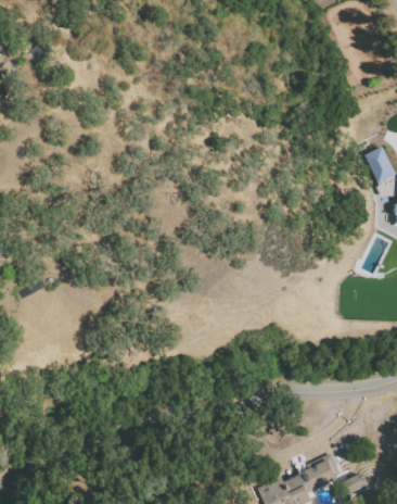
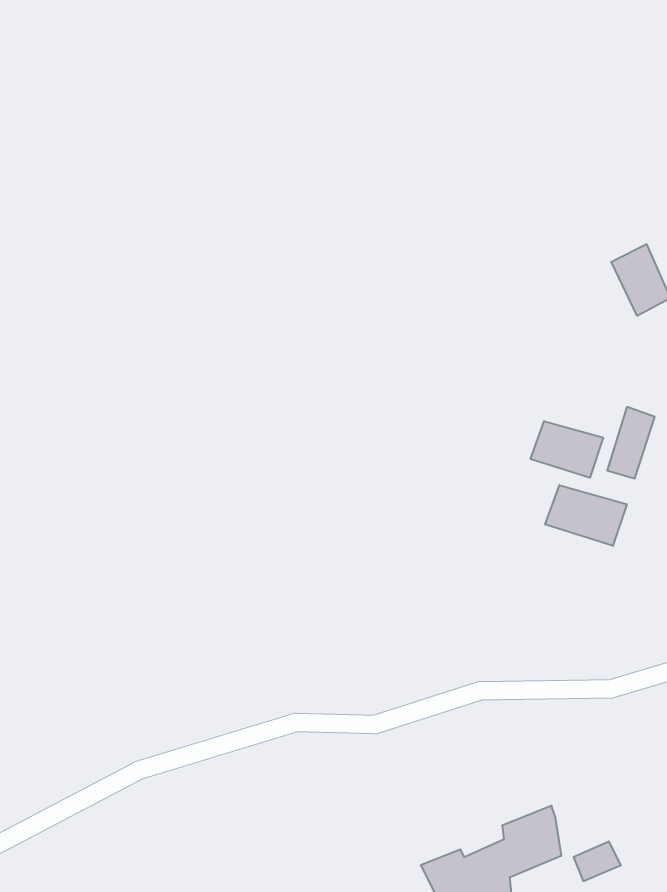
building: none -> [531,421,603,478]
building: none -> [545,485,627,546]

